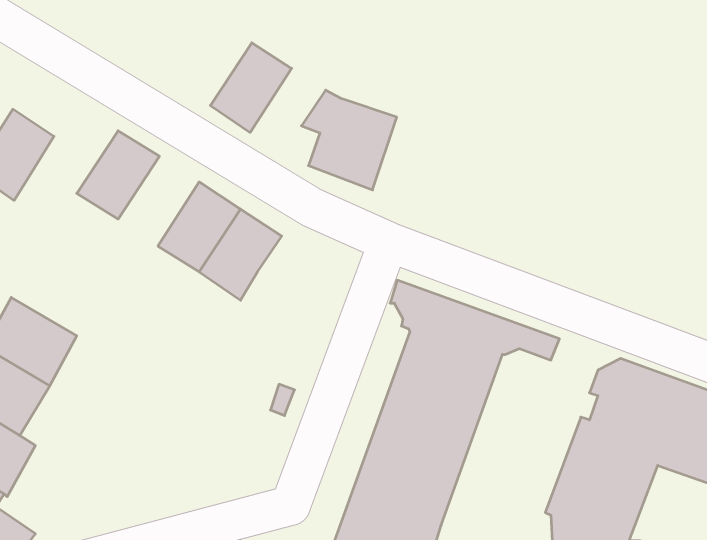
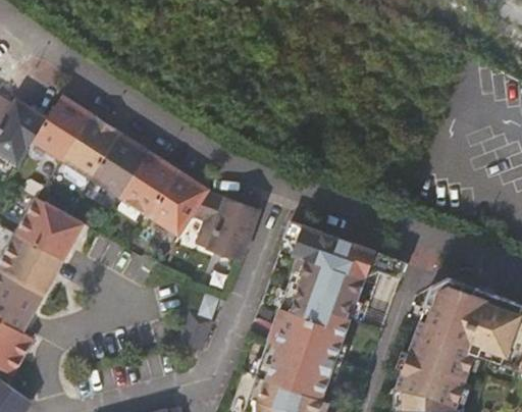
building: [210,43,292,132] -> [91,133,149,197]
building: [301,90,397,190] -> [191,190,259,261]
building: none -> [32,95,91,159]
building: none -> [14,197,83,261]

